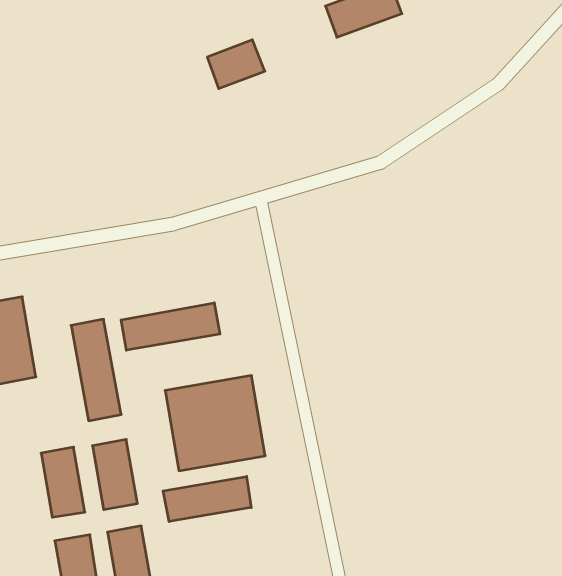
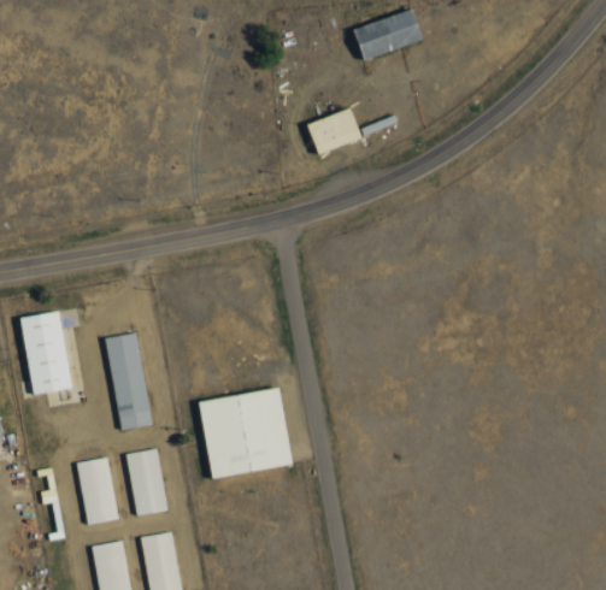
building: [207,40,265,89] -> [304,107,359,154]
building: [121,303,220,350] -> none
building: [163,476,251,522] -> none

